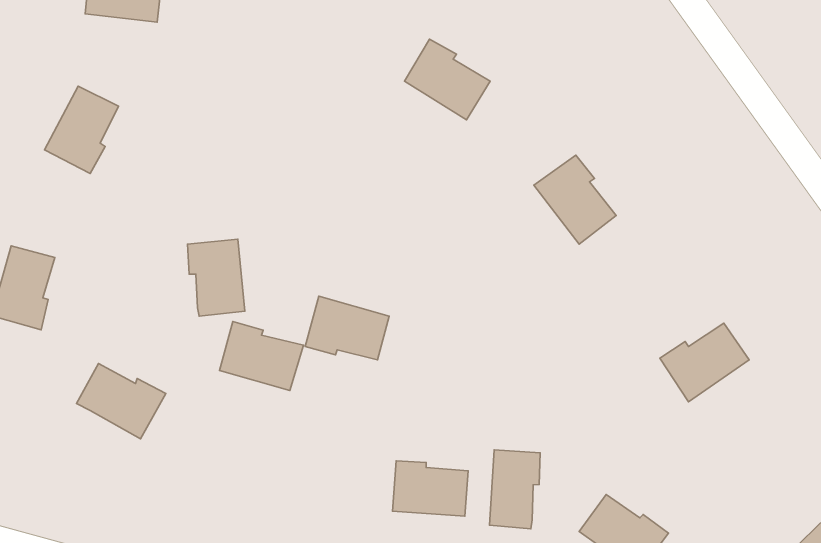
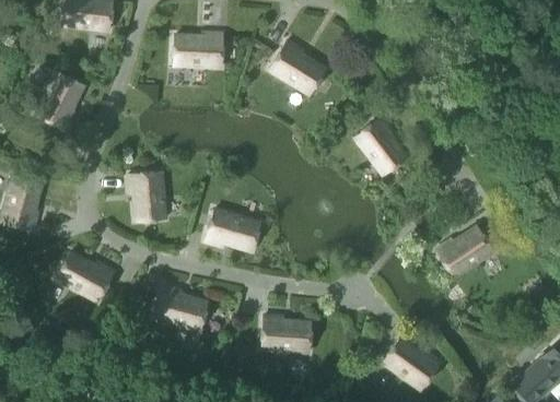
building: none -> [174,33,223,67]
building: [219,322,303,390] -> [154,286,209,331]
building: [489,450,540,529] -> none

